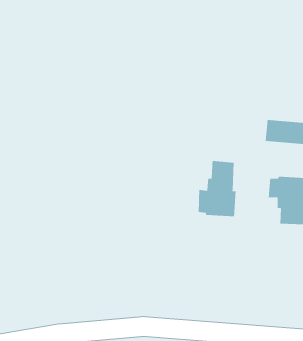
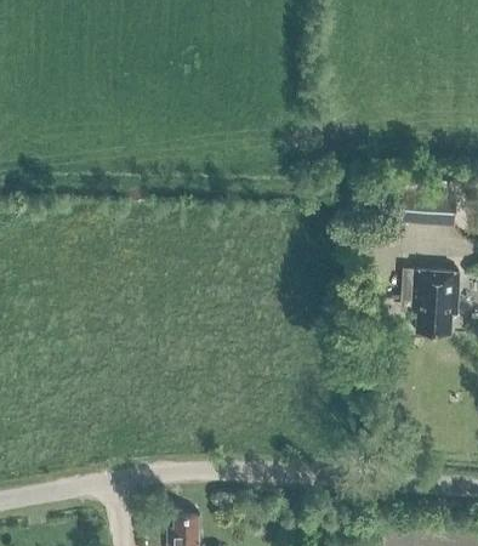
building: [198,160,236,217] -> none

